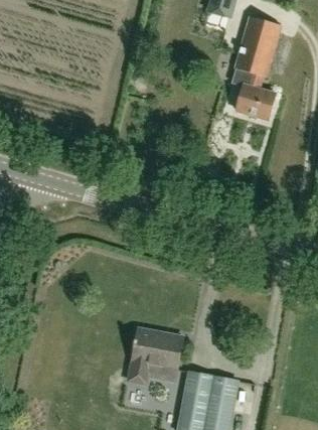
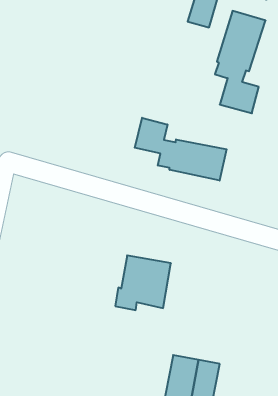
building: none -> [135,118,227,181]
building: [127,328,184,385] -> [115,255,171,310]

